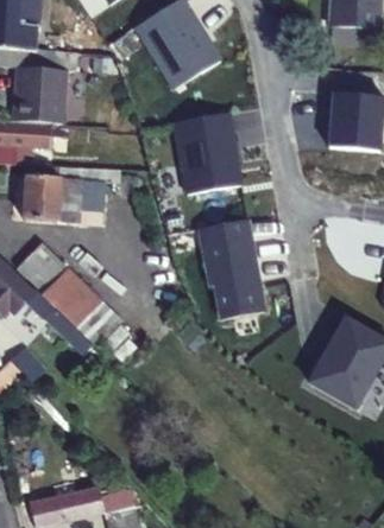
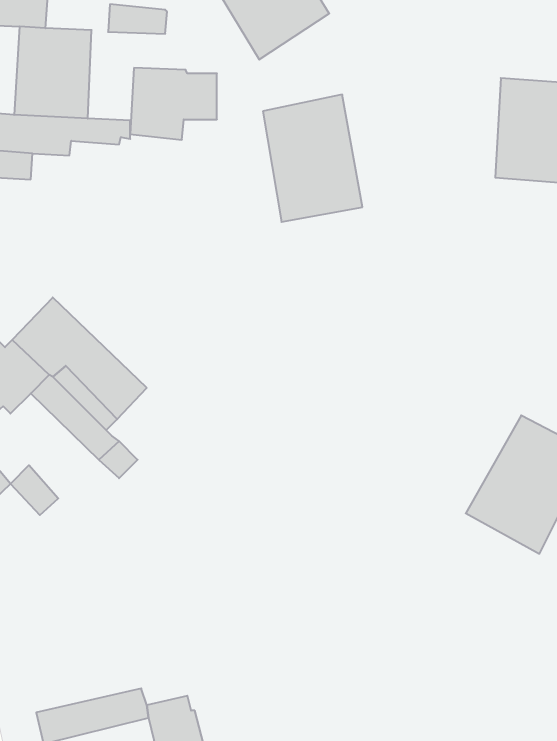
building: [25,173,81,220] -> [130,68,217,140]
building: [194,222,259,304] -> none

